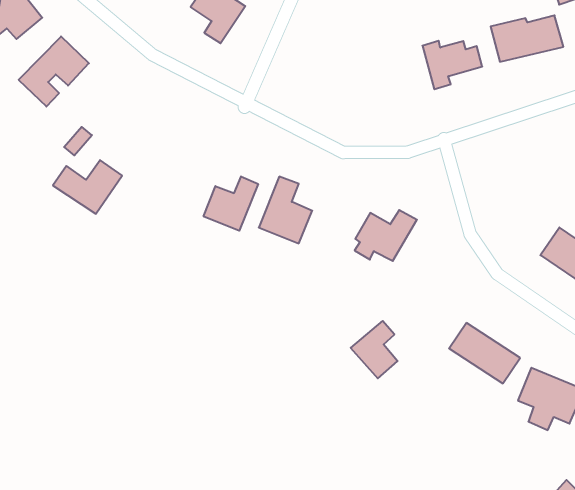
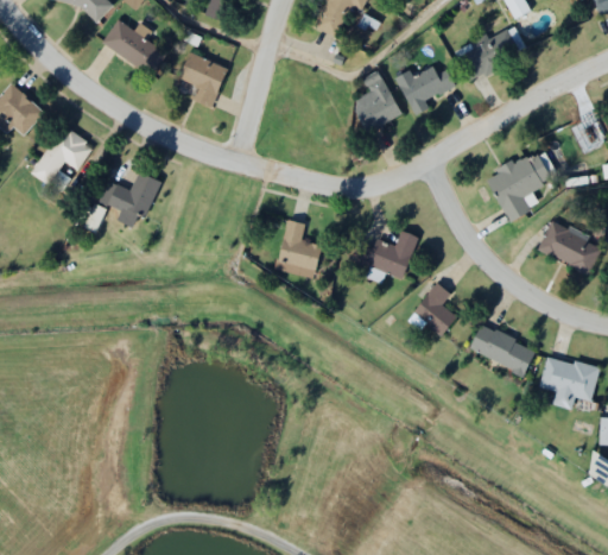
building: none -> [353,76,401,131]
building: none -> [486,149,553,220]
building: [53,160,122,214] -> [100,170,162,220]
building: [204,176,258,231] -> none
building: [351,321,398,378] -> [412,282,457,335]

